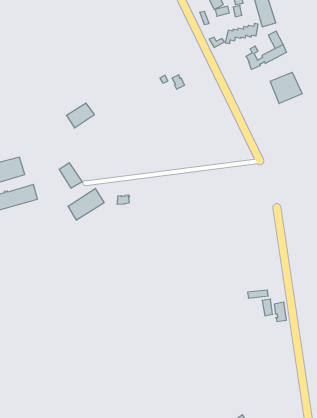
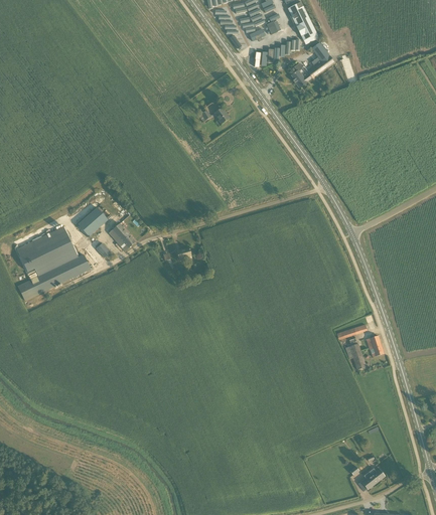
building: [270,72,302,104] -> none
building: [66,103,94,128] -> [77,205,107,234]
building: [68,188,104,220] -> none

